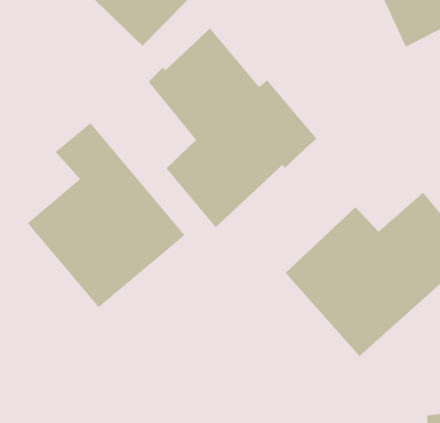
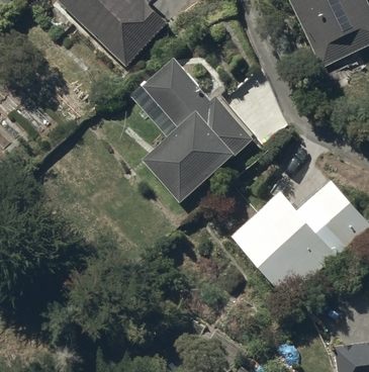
building: [27,122,185,308] -> none

